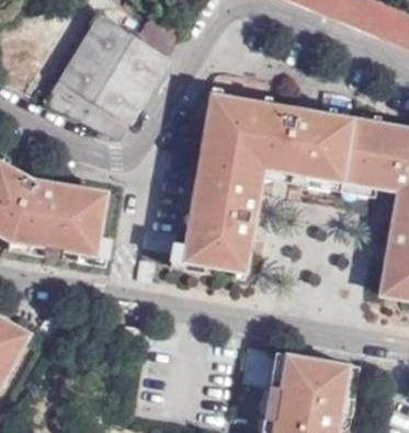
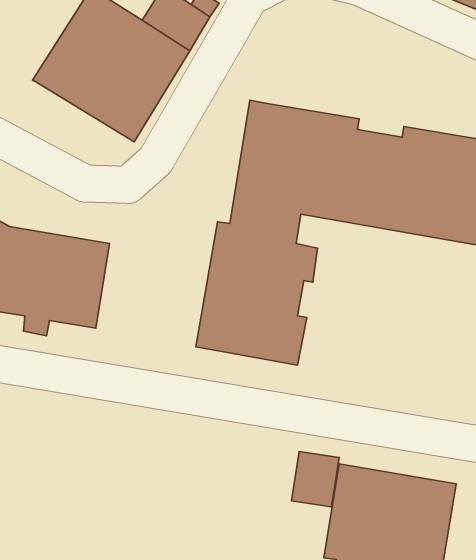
building: [43,80,128,140] -> none

